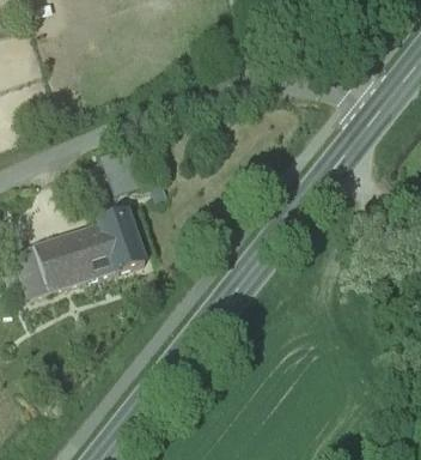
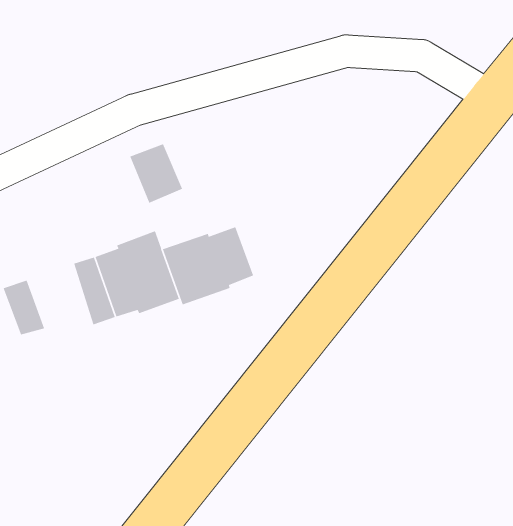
building: none -> [162,226,254,306]
building: [37,234,85,291] -> none

